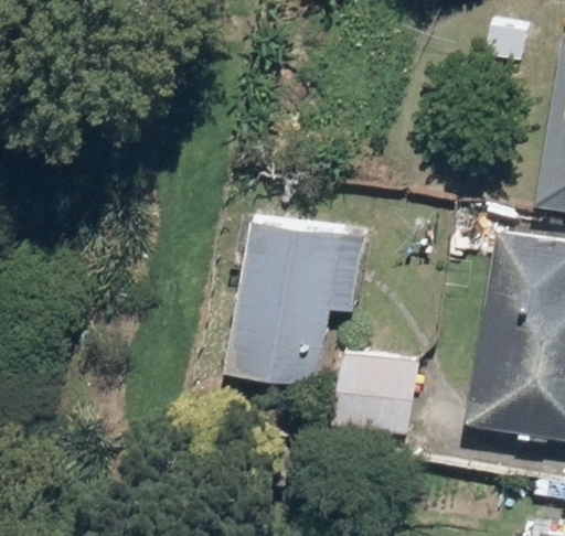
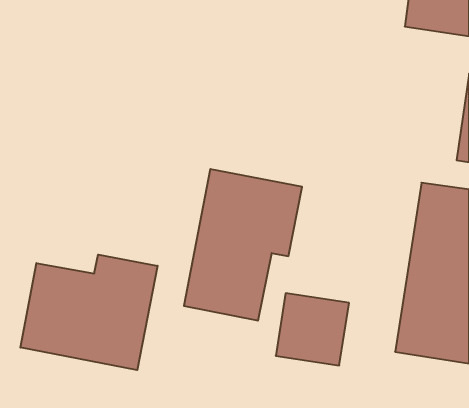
building: none -> [20,255,158,370]

